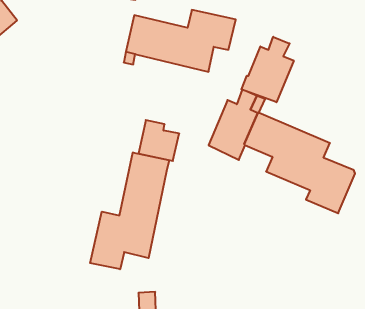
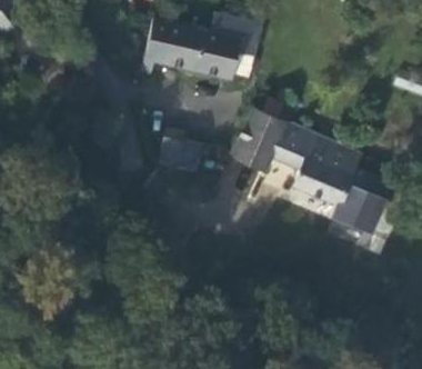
building: [241,37,294,102] -> none
building: [90,152,169,269] -> none

